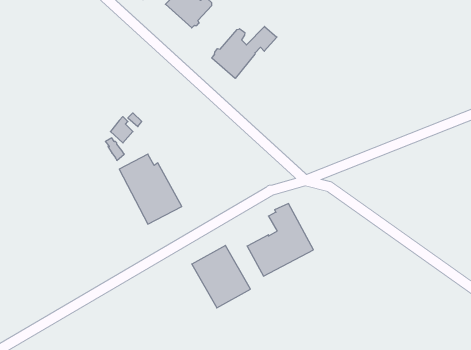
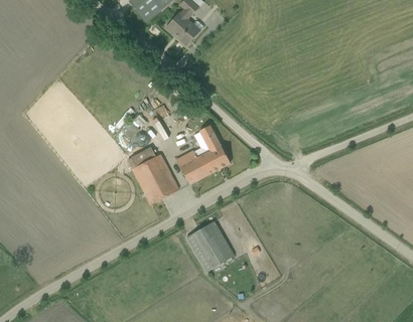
building: [212,26,277,78] -> none
building: [247,204,313,276] -> [176,125,230,183]

